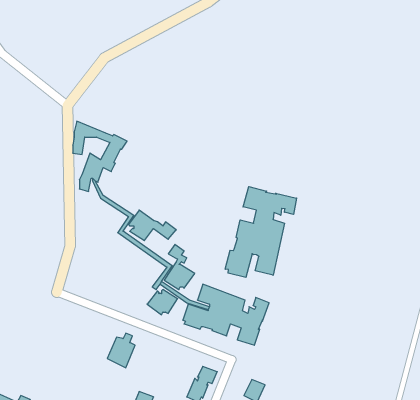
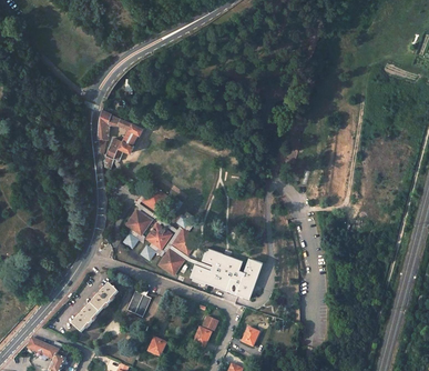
building: [225,187,297,277] -> none
building: none -> [124,211,152,248]
building: none -> [142,224,173,259]
building: none -> [71,282,118,331]

